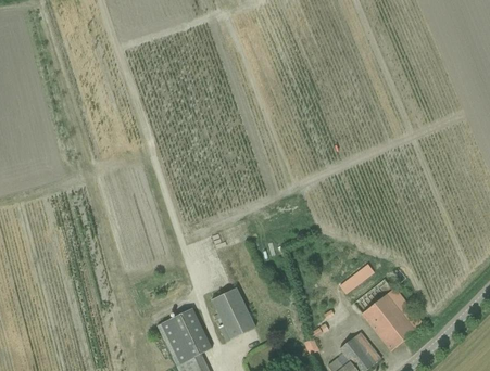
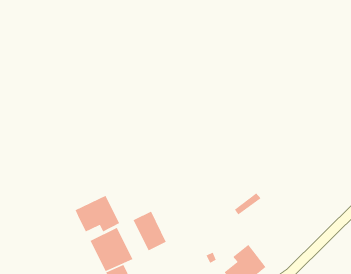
building: none -> [74,195,120,233]
building: [362,286,425,350] -> none

